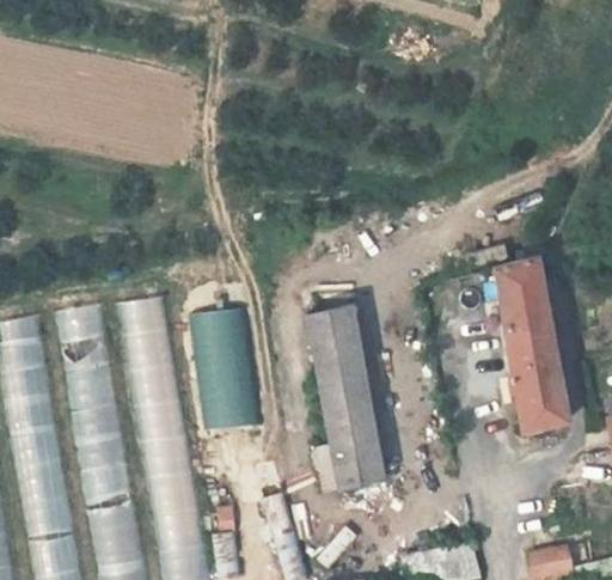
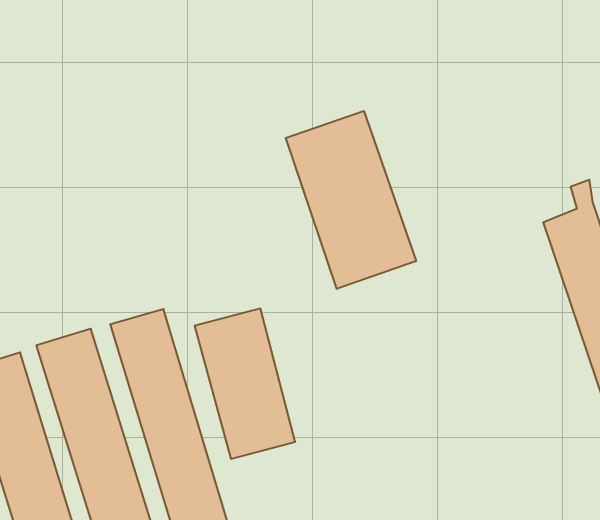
building: none -> [286,111,416,289]
building: [307,305,384,494] -> none

